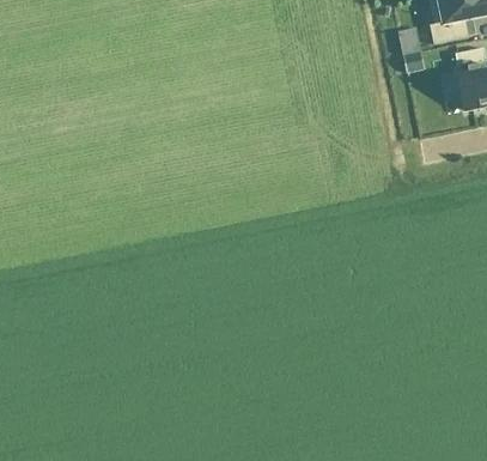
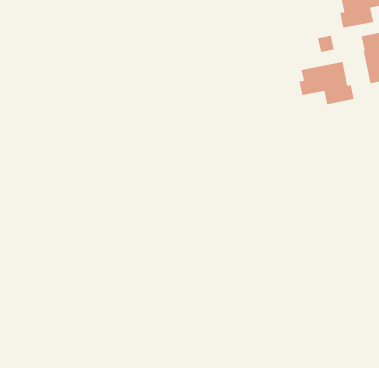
building: none -> [299,61,354,105]

